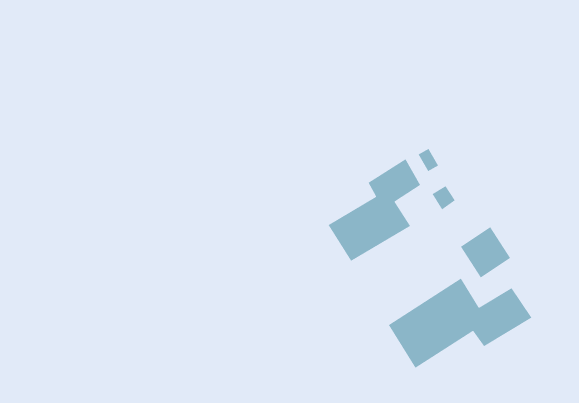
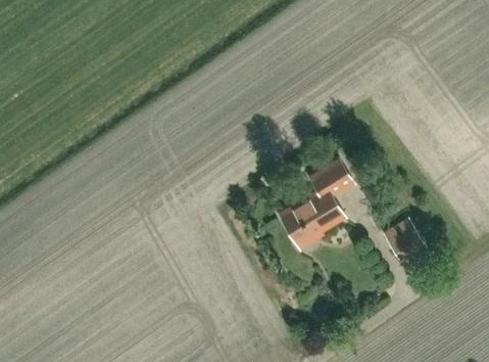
building: [388,277,532,369] -> none

